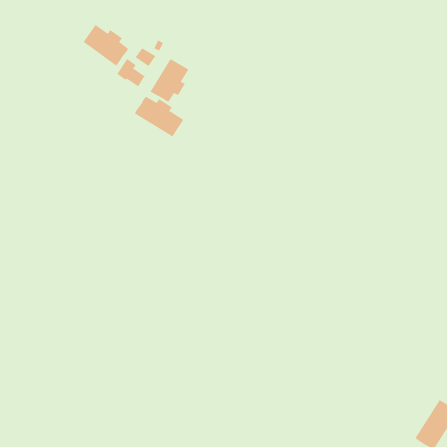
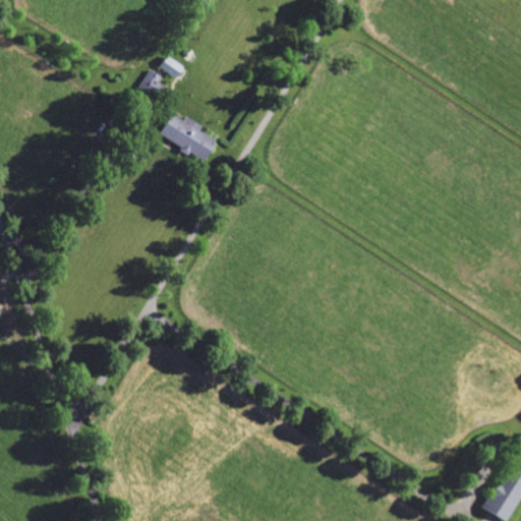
building: [83,24,129,67] -> none
building: [150,58,189,103] -> none

